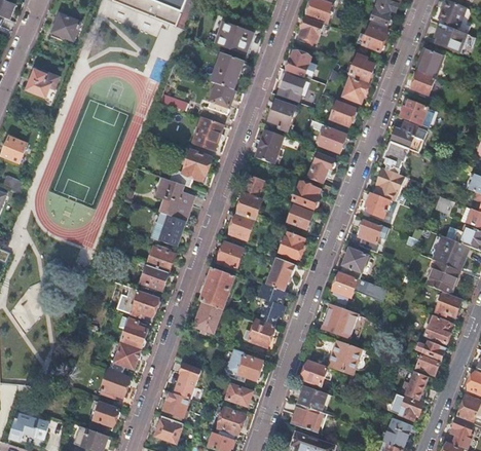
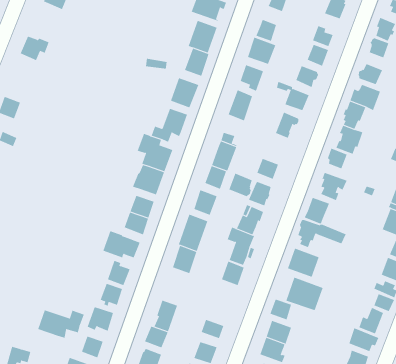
building: [292,182,319,209] -> [228,173,253,197]
building: [228,350,261,382] -> none
building: none -> [37,310,85,338]

